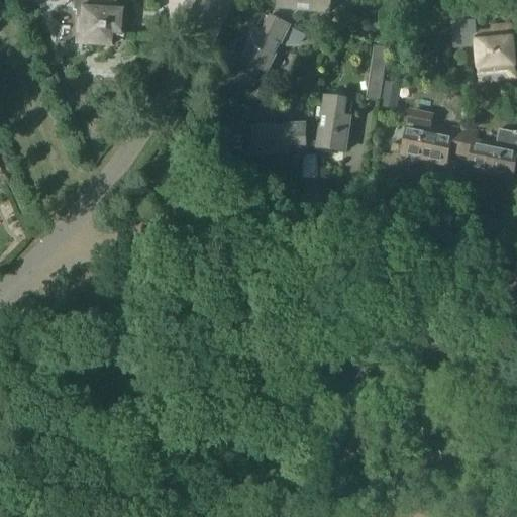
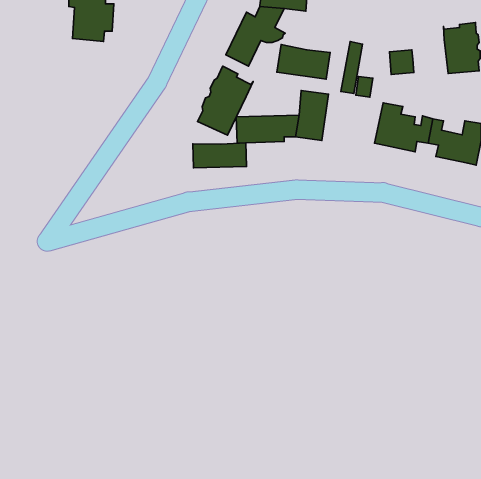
building: [450,18,477,44] -> [389,50,414,74]
building: none -> [277,45,330,79]
building: none -> [198,66,253,135]
building: none -> [193,143,247,168]

